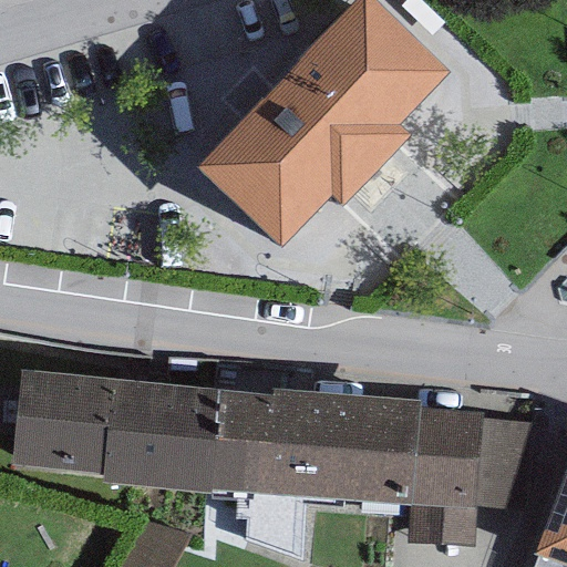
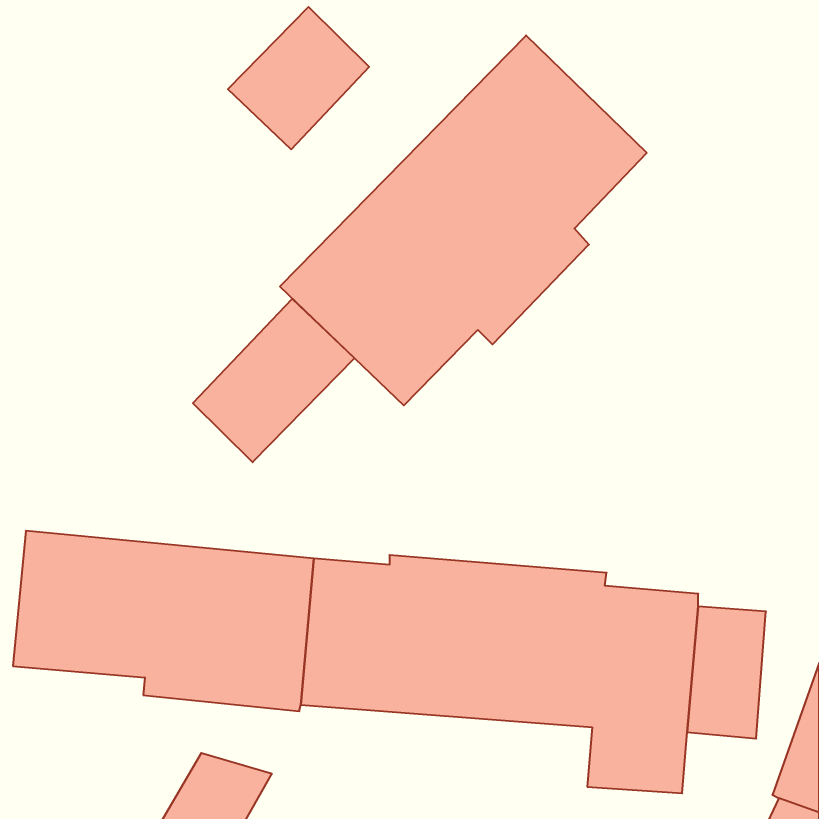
building: none -> [228,7,369,149]
building: none -> [193,299,355,462]

